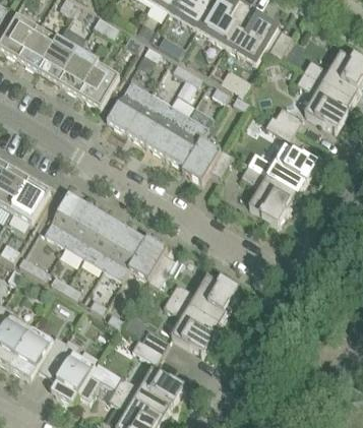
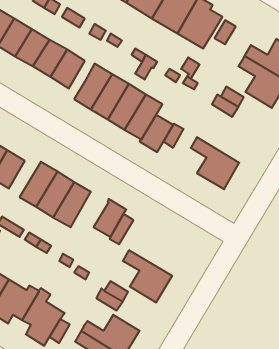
building: [248,144,315,193] -> none
building: [103,227,146,280] -> none
building: [170,274,238,323] -> none

